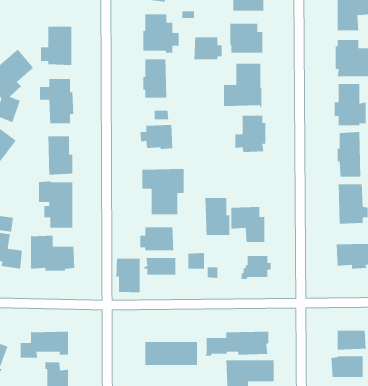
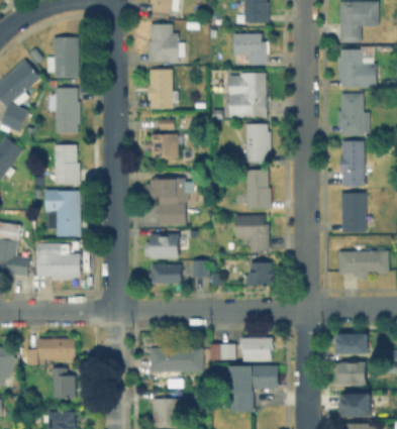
building: [194,37,222,60] -> none
building: [205,197,230,236] -> [246,170,272,208]
building: [116,258,140,293] -> none

